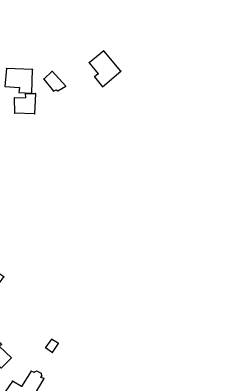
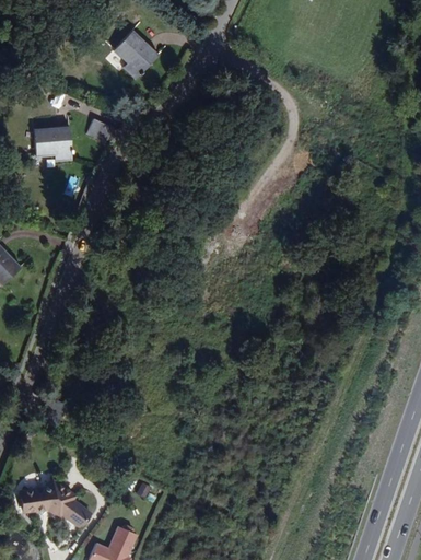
building: [89,51,121,87] -> [114,31,157,79]
building: [15,93,35,114] -> none

